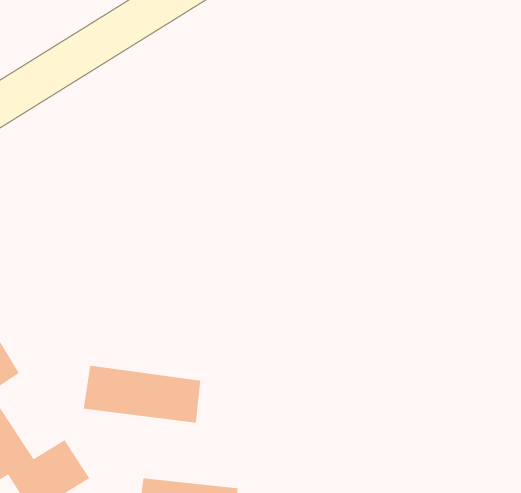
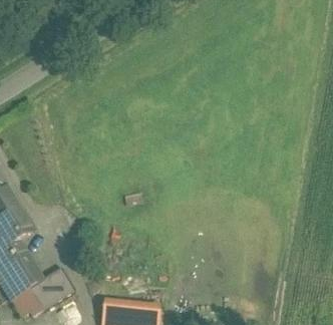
building: [83,365,201,423] -> none

